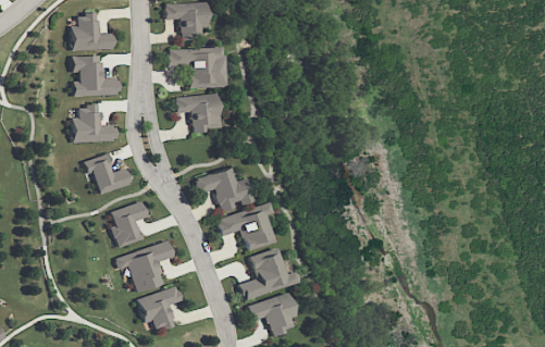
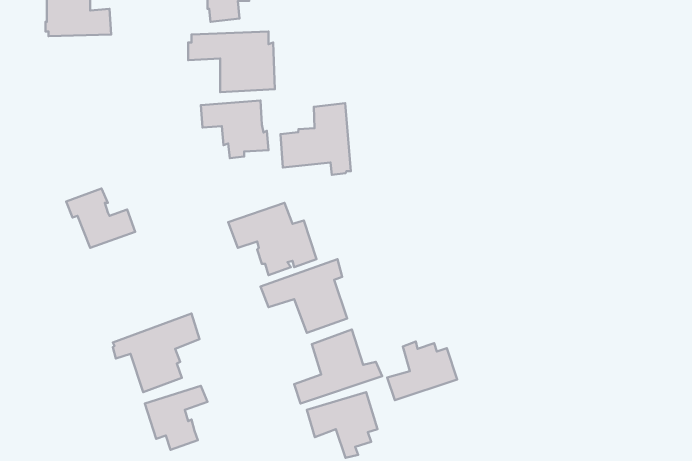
building: [72,54,119,96] -> none
building: none -> [280,103,351,175]
building: [72,103,117,142] -> none
building: [111,200,149,246] -> none
building: none -> [387,342,457,400]

